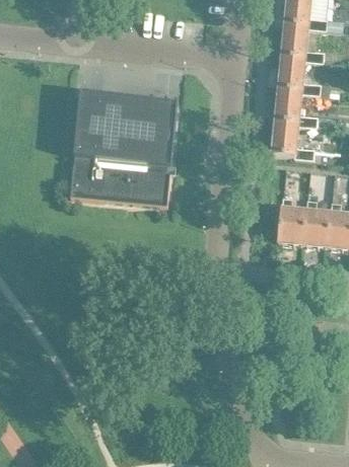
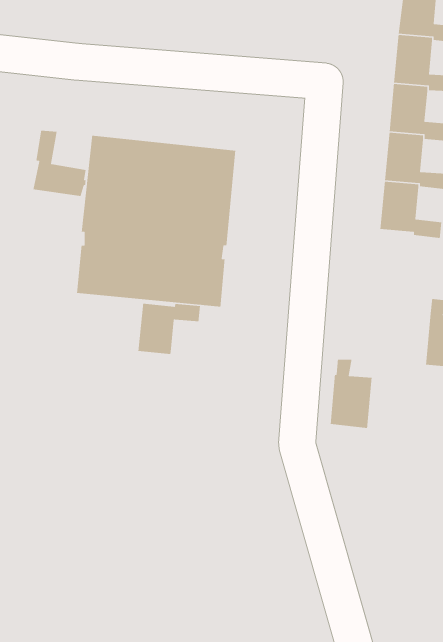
building: none -> [33,130,86,197]
building: [277,197,305,243] -> [330,359,372,429]
building: none -> [138,303,201,355]

